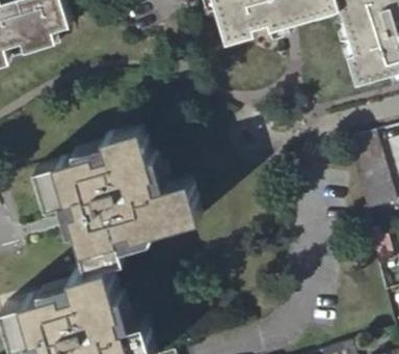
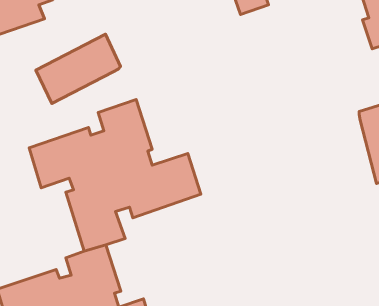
building: none -> [36,34,120,104]

